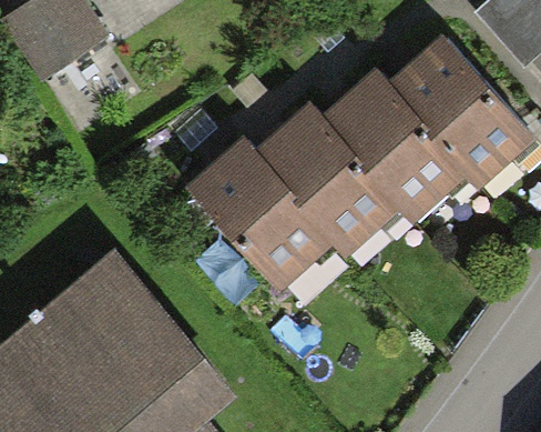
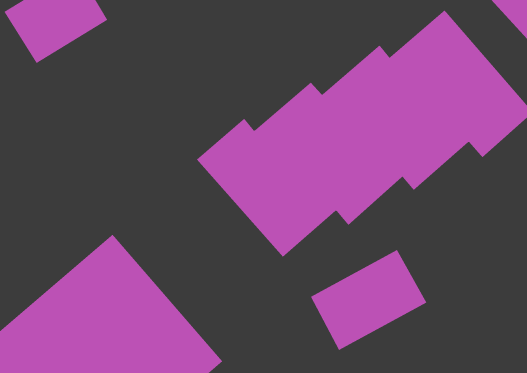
building: none -> [310,249,427,351]

